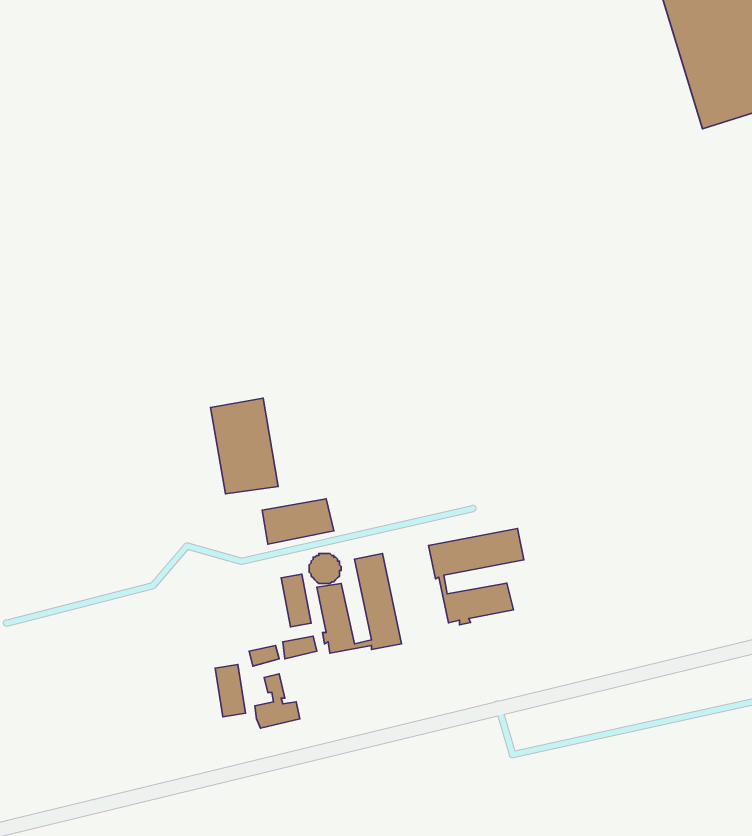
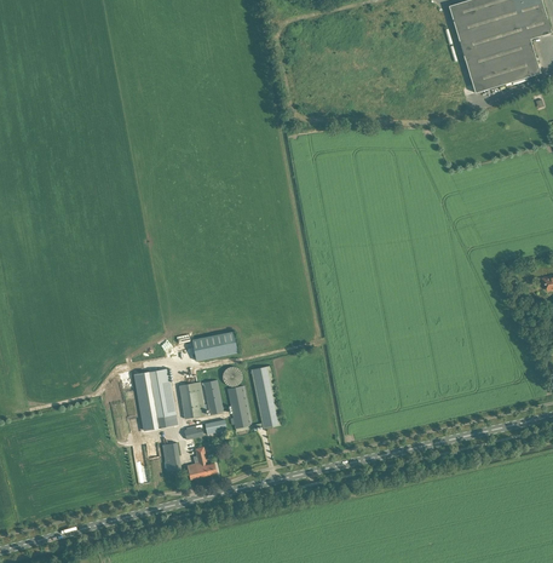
building: [211,398,278,494] -> [133,368,177,430]
building: [428,529,524,625] -> none
building: none -> [179,381,205,419]

